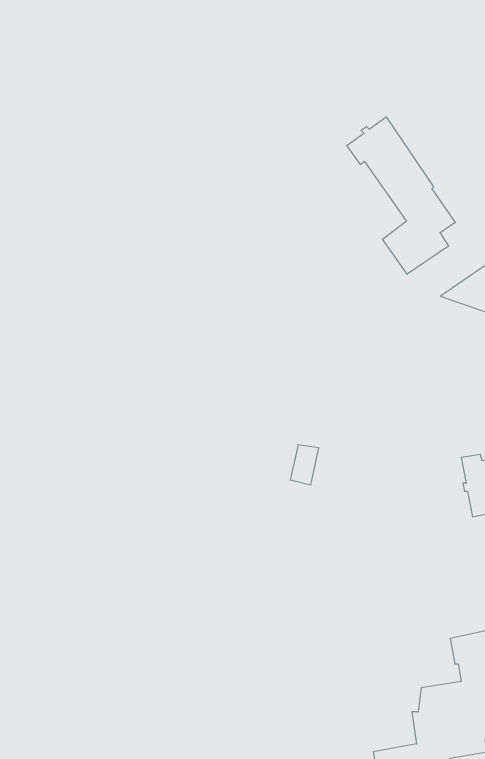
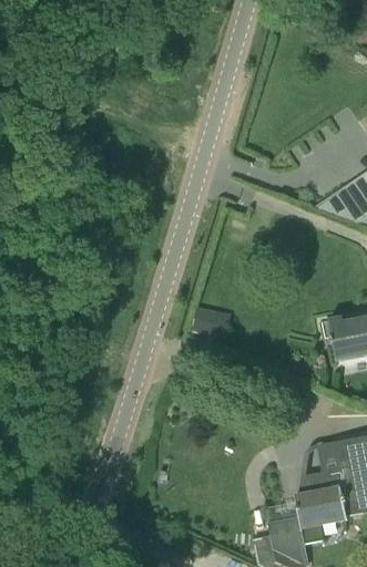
building: [347,117,455,274] -> none

